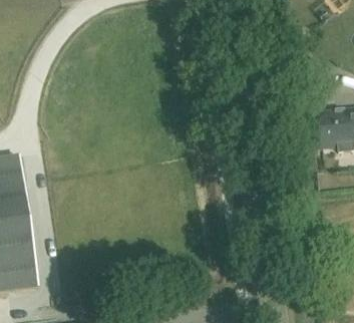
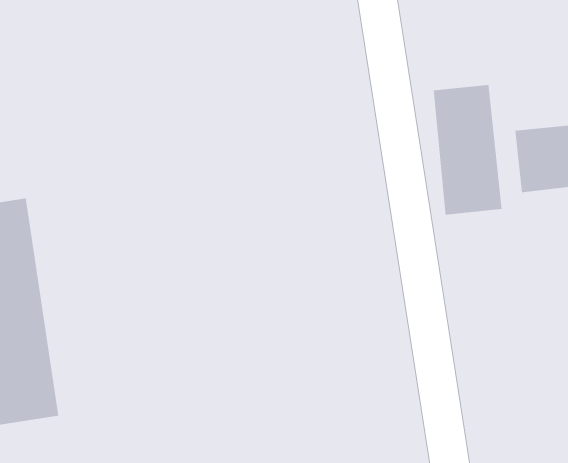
building: none -> [433,84,502,216]

